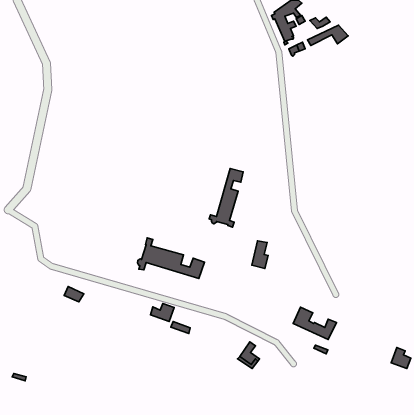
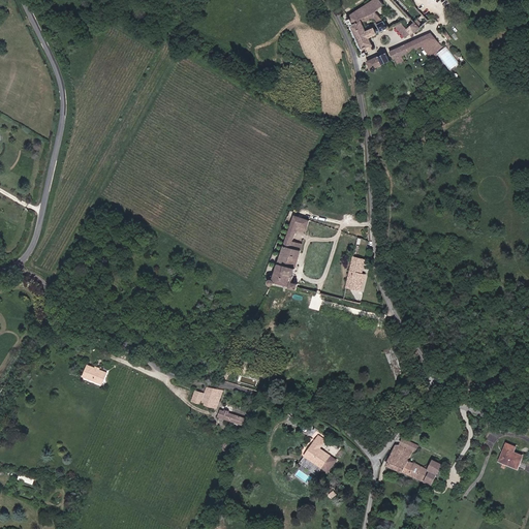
building: [137,238,204,279] -> none
building: [252,241,268,268] -> [345,256,366,291]
building: [293,307,336,340] -> [386,444,441,486]

